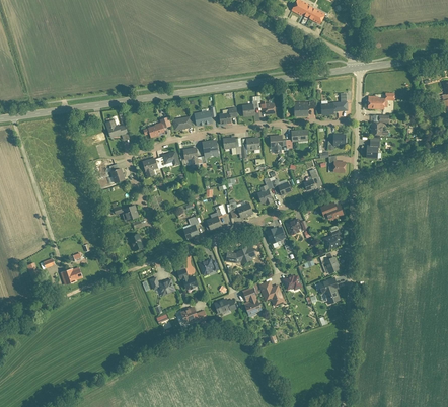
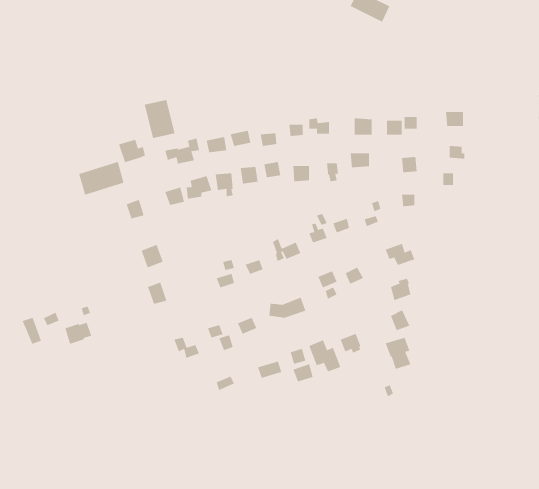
building: none -> [144,99,175,139]
building: none -> [79,161,124,195]

